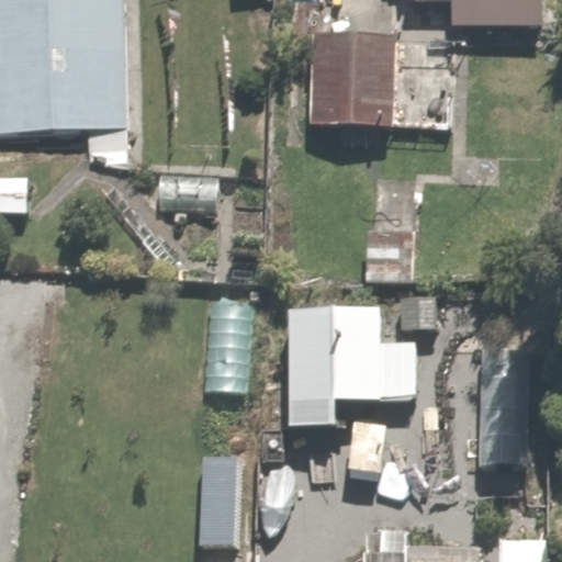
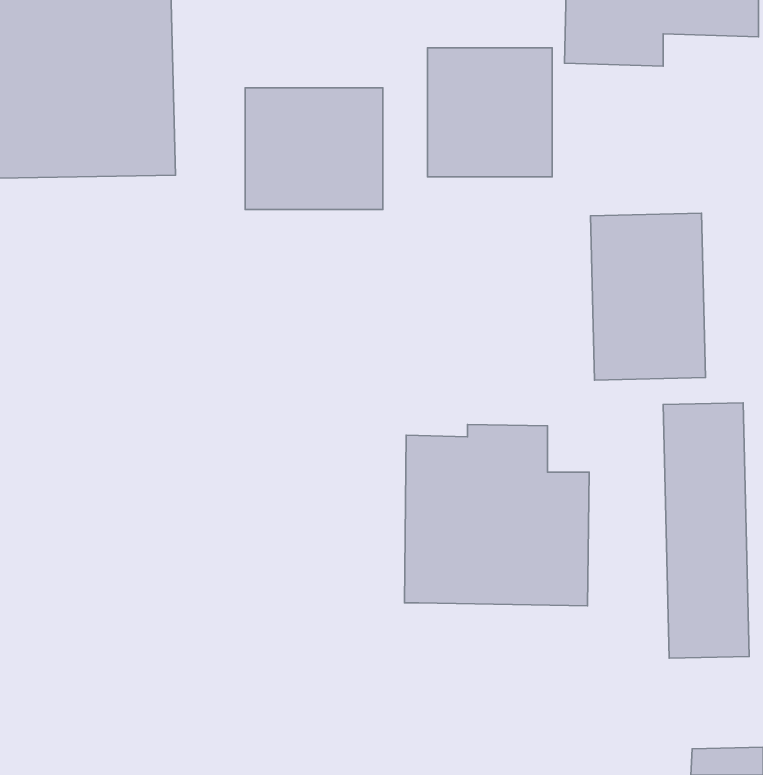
building: none -> [245,88,383,210]
building: none -> [591,213,706,380]

